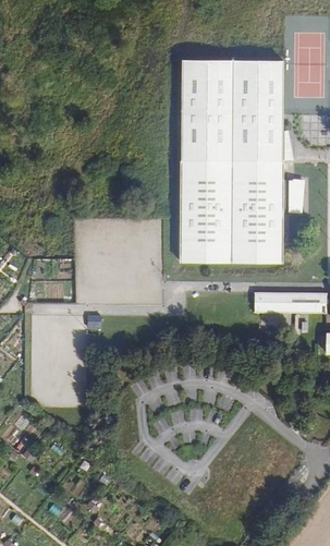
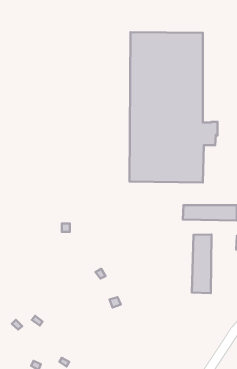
building: none -> [192,234,212,293]

